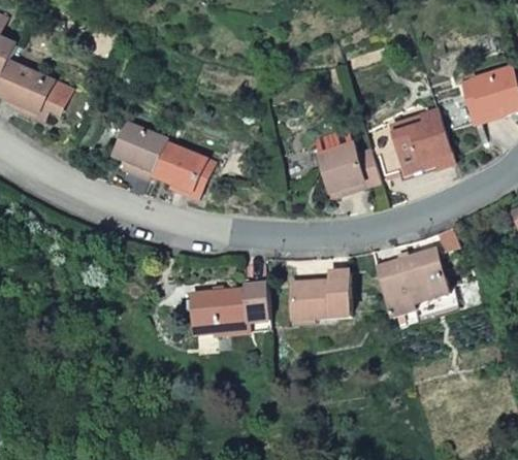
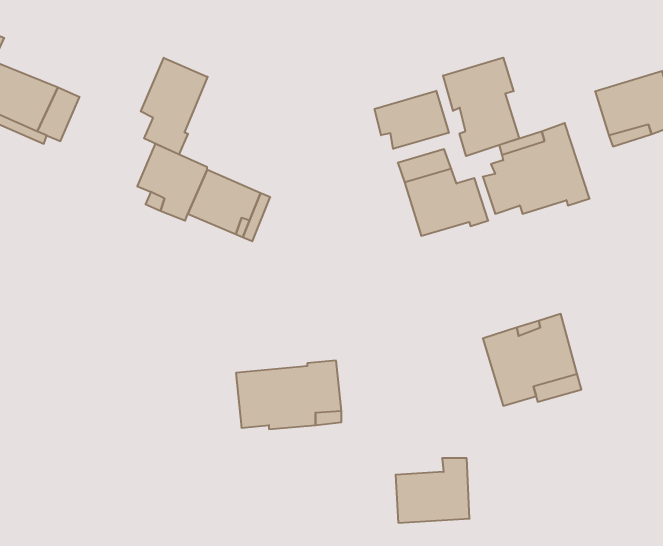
building: none -> [443,58,519,156]
building: none -> [141,58,208,154]
building: none -> [374,91,449,149]
building: [292,271,348,320] -> [396,458,470,523]

